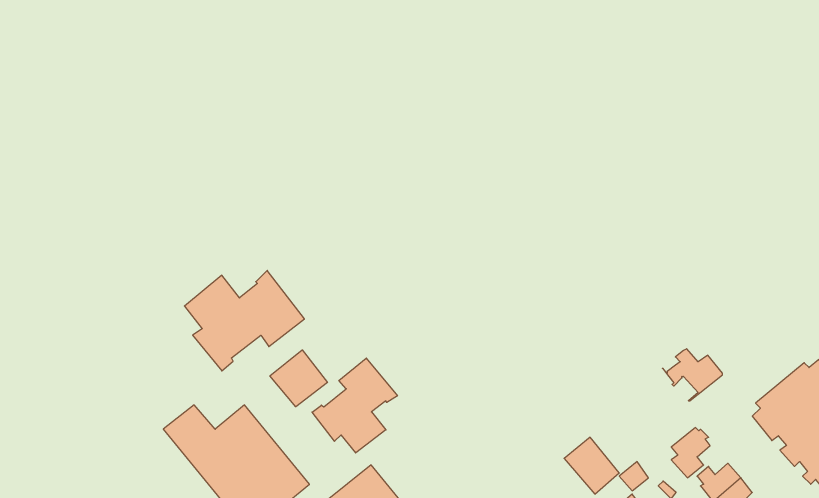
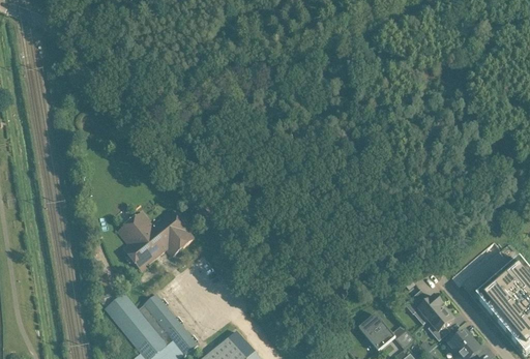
building: [662,349,722,401] -> [406,291,444,324]
building: [270,350,327,407] -> none
building: [312,358,397,453] -> none

